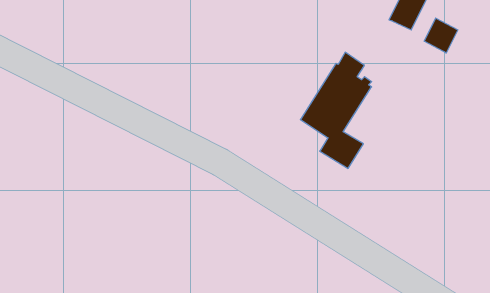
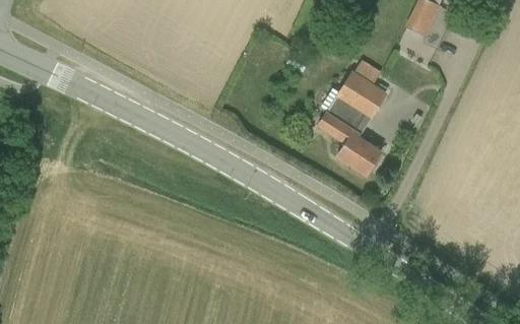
building: [424,18,458,53] -> none

